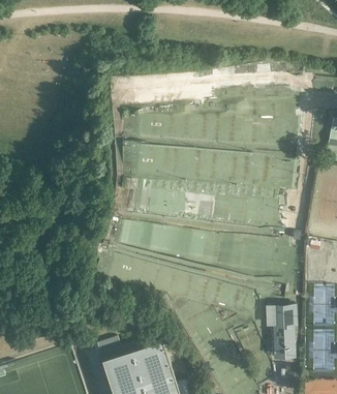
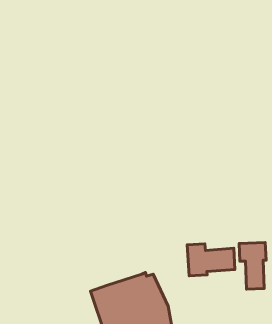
building: none -> [187,244,235,276]

